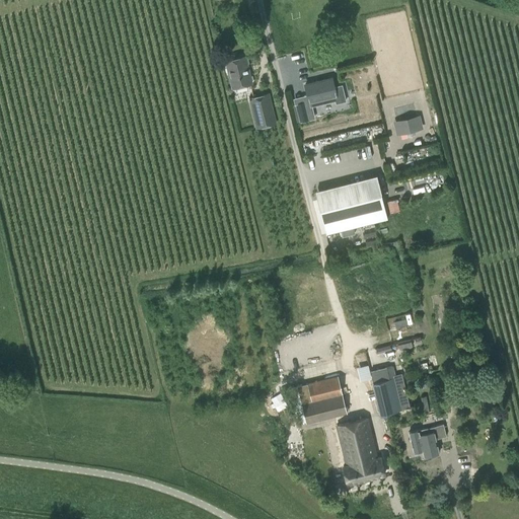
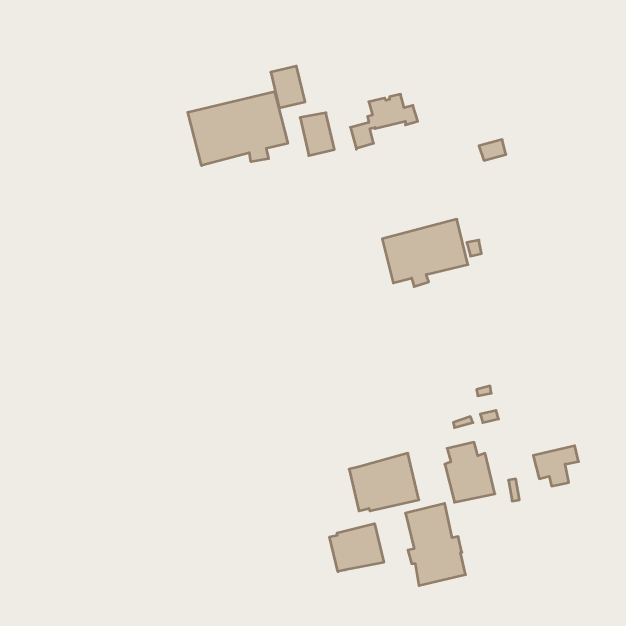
building: none -> [188,91,288,166]
building: [409,424,446,457] -> [533,446,579,486]
building: none -> [330,524,384,572]

